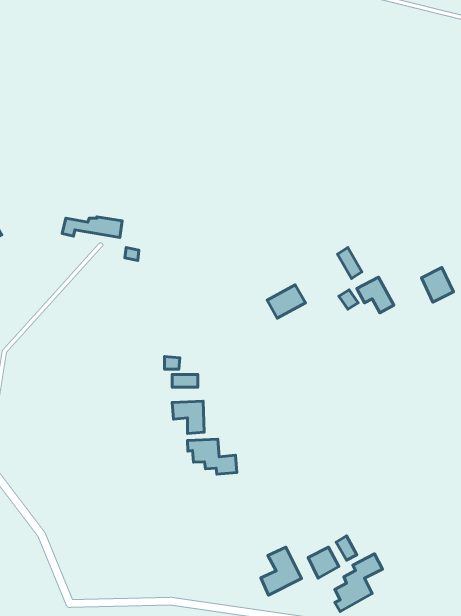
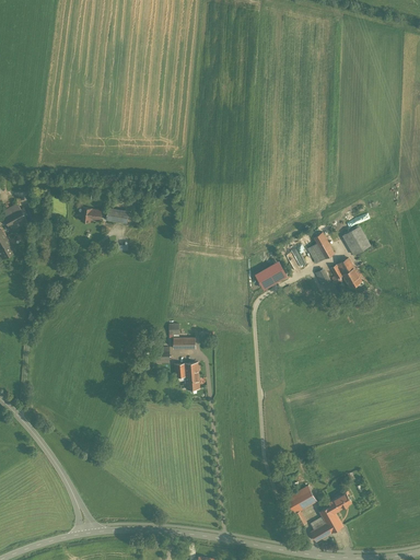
building: [421,267,453,302] -> [342,225,370,255]
building: [188,439,237,474] -> none
building: [261,547,302,595] -> none

